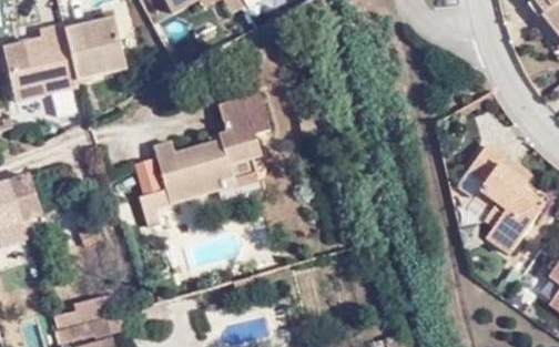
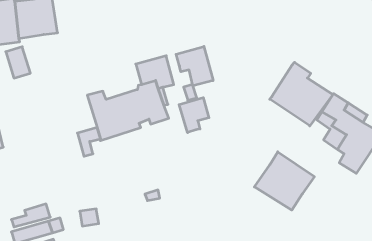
building: none -> [176,46,213,86]
building: none -> [270,62,333,126]
building: none -> [179,98,209,133]
building: none -> [254,152,314,210]

